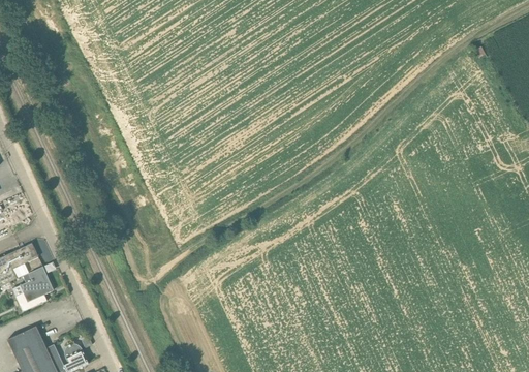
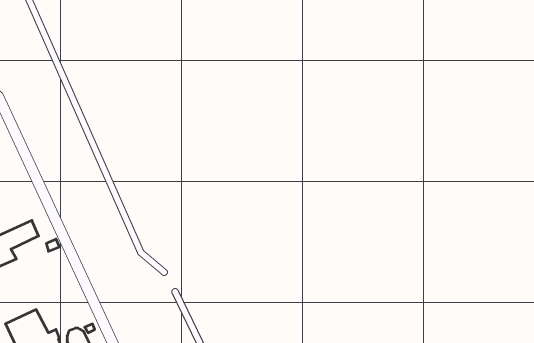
building: [14,266,53,312] -> none

